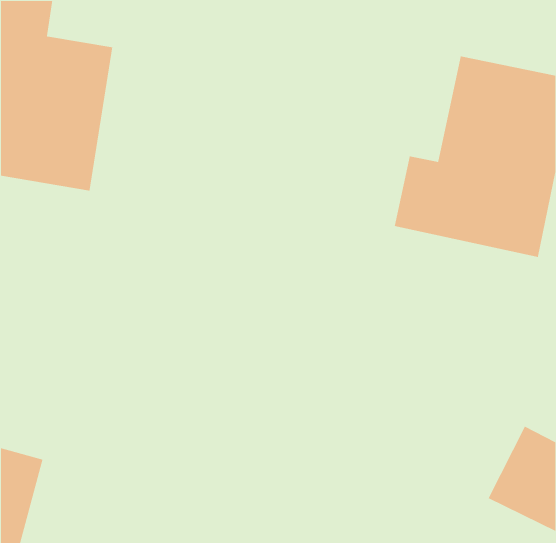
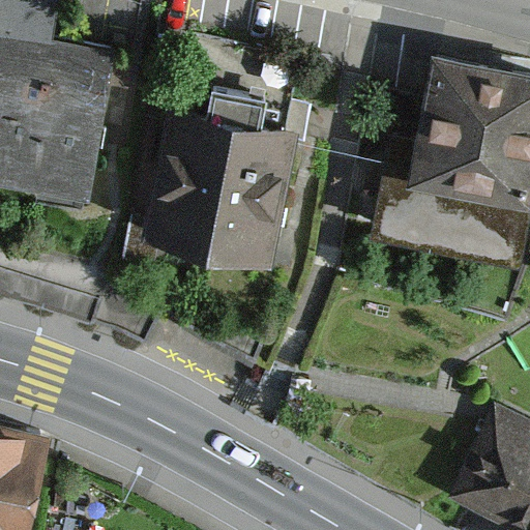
building: none -> [158,112,283,255]

